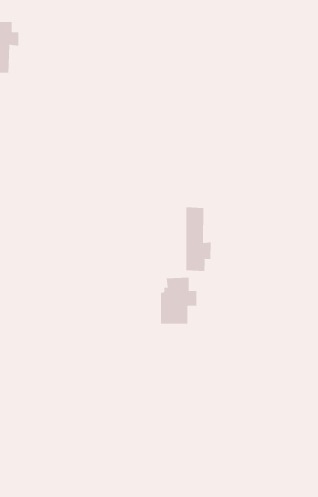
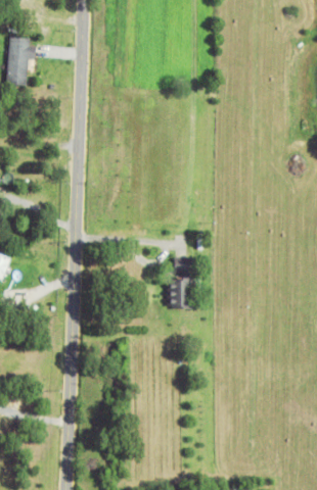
building: [186,206,211,272] -> none

